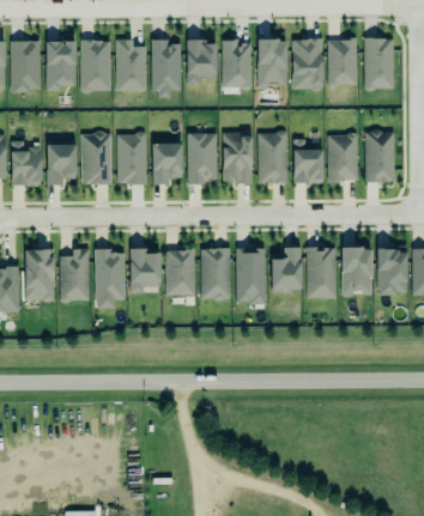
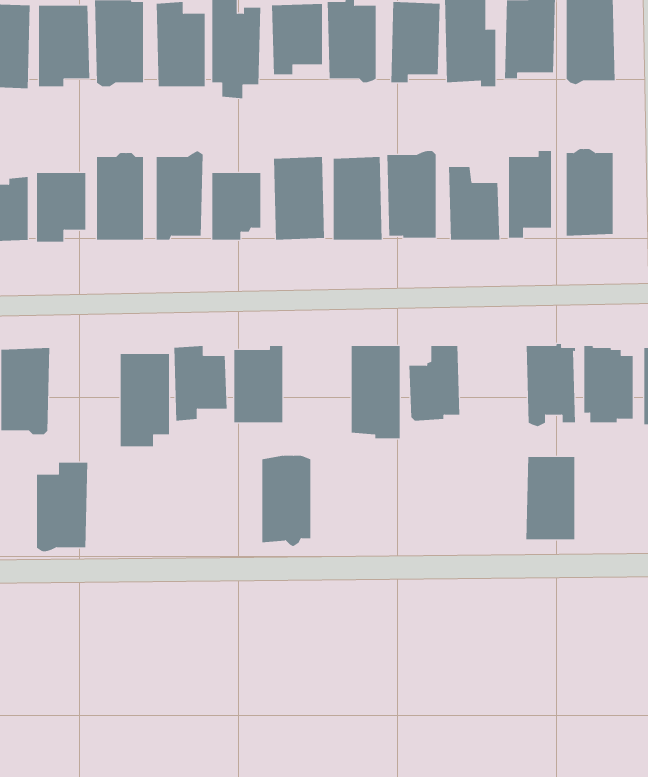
building: [200,247,230,302] -> [261,455,311,547]
building: [59,249,90,303] -> [36,462,88,552]
building: [307,249,337,299] -> [526,456,575,540]

